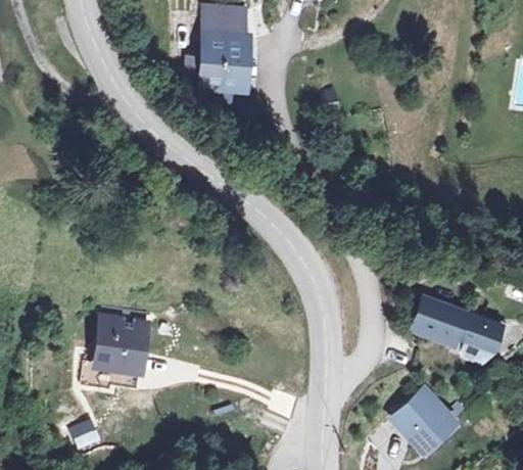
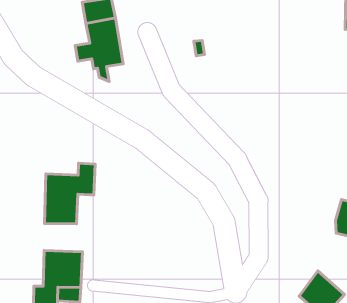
building: none -> [44,163,95,224]
building: [420,292,473,336] -> none

